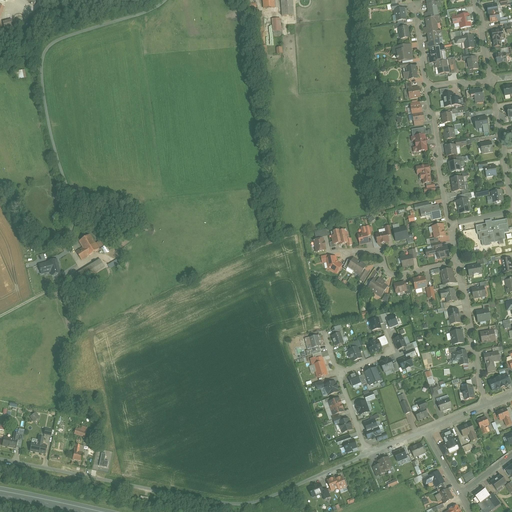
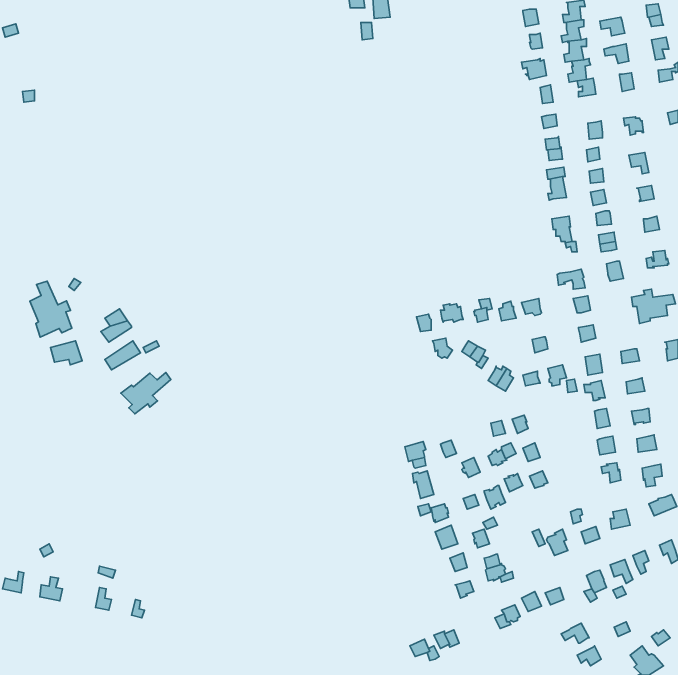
building: none -> [30,281,72,337]
building: none -> [121,372,171,414]

